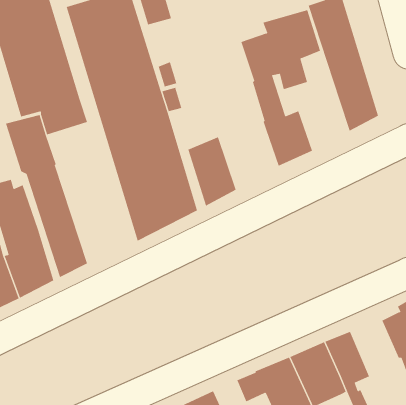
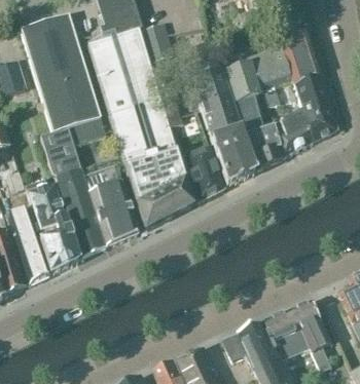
building: none -> [179,62,254,186]
building: none -> [274,109,313,156]
building: none -> [82,163,138,245]

